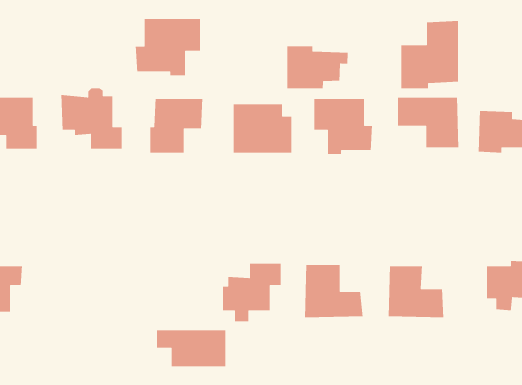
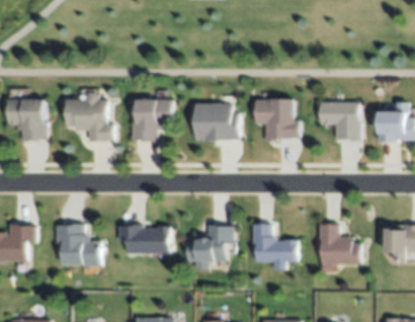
building: [135,18,201,76] -> none
building: [400,20,459,89] -> none
building: [287,45,349,89] -> none
building: none -> [55,221,99,264]
building: [156,329,226,367] -> [117,223,170,251]

